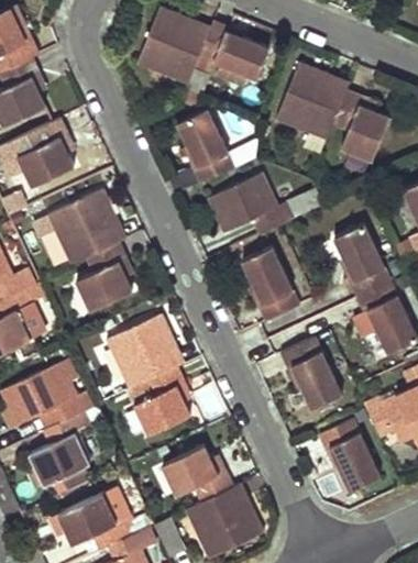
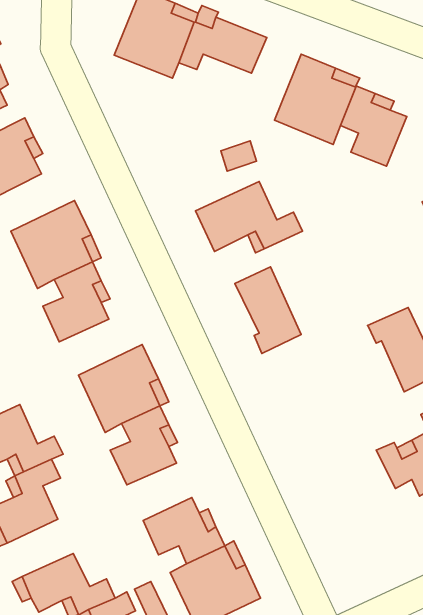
building: [176,109,233,183] -> none
building: [332,223,390,297] -> none
building: [279,336,341,410] -> none
building: [318,419,380,492] -> none

